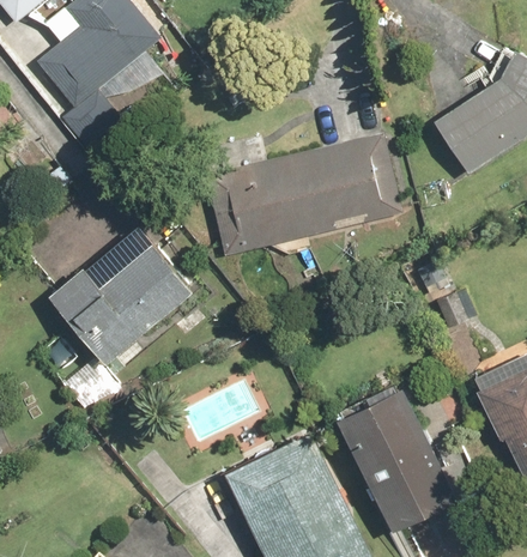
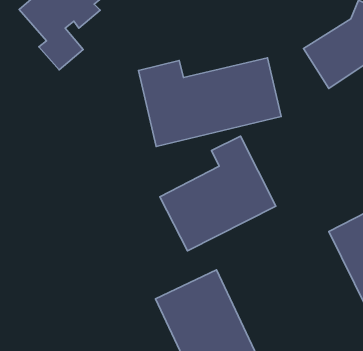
building: [50,226,194,407] -> none
building: none -> [160,136,276,251]
building: [337,386,459,532] -> none

